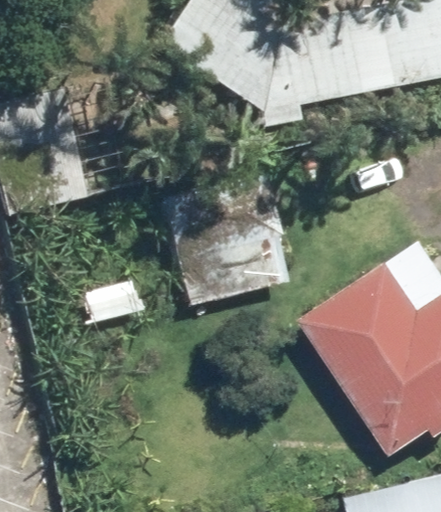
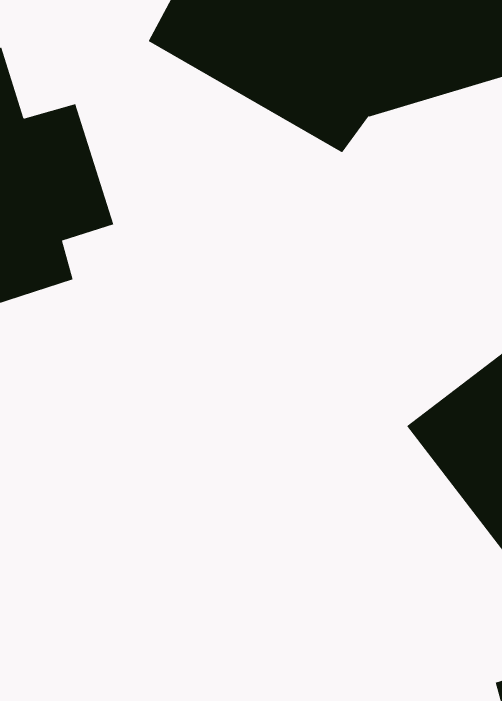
building: [171,200,280,306] -> none

